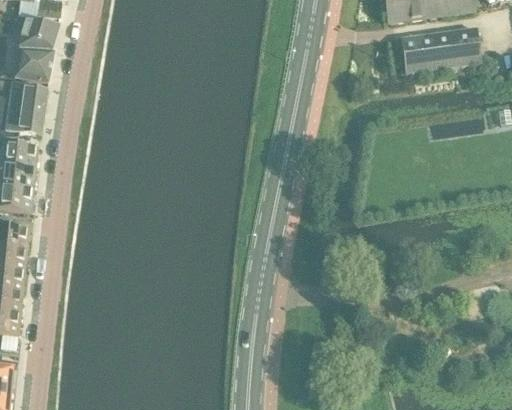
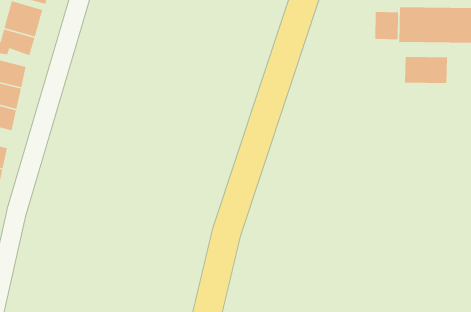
building: none -> [374,11,399,40]
building: none -> [404,56,448,84]

